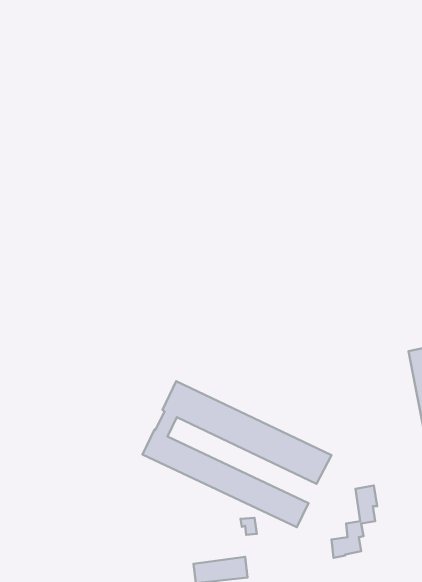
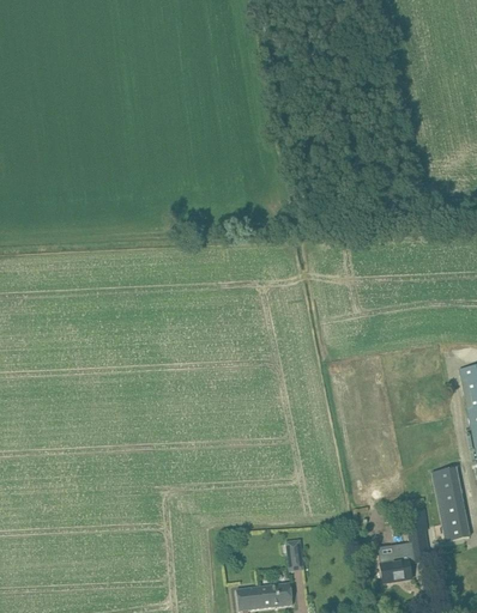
building: [143,381,331,527] -> none
building: none -> [431,465,469,540]

